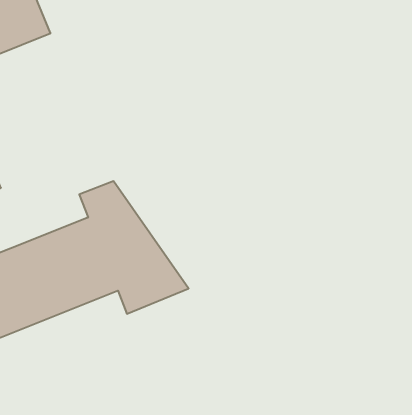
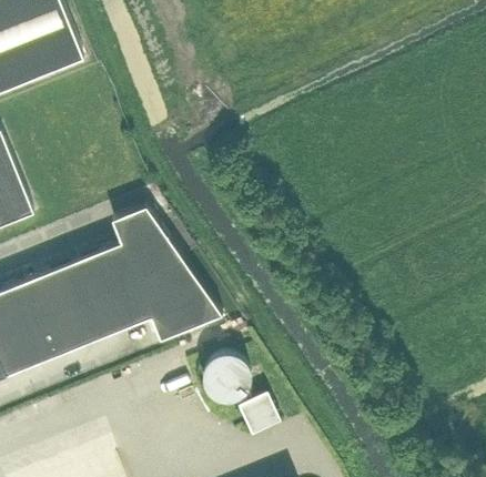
building: none -> [201,354,250,403]
building: none -> [239,394,280,435]

